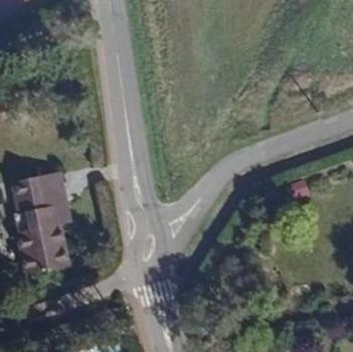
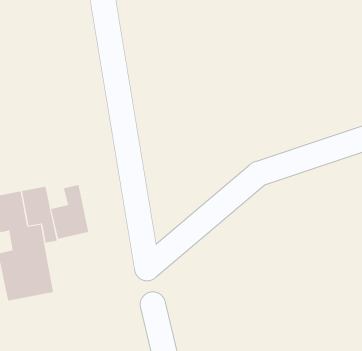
building: none -> [51,184,89,240]

